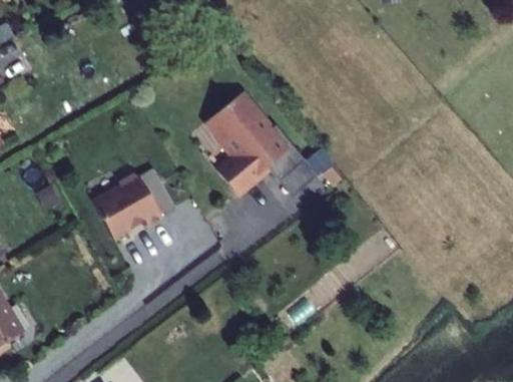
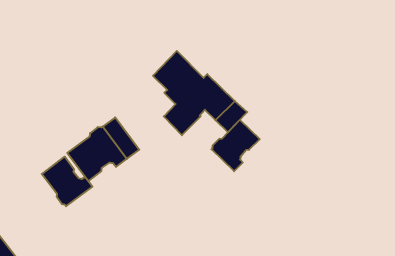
building: none -> [211,120,260,171]
building: none -> [42,157,92,206]

